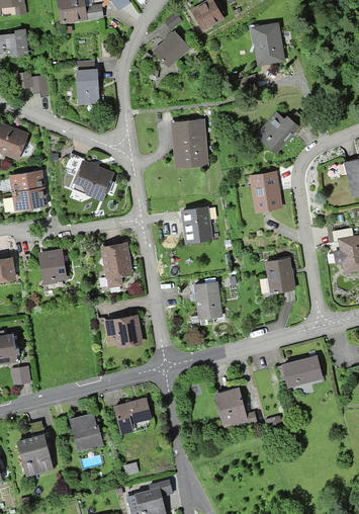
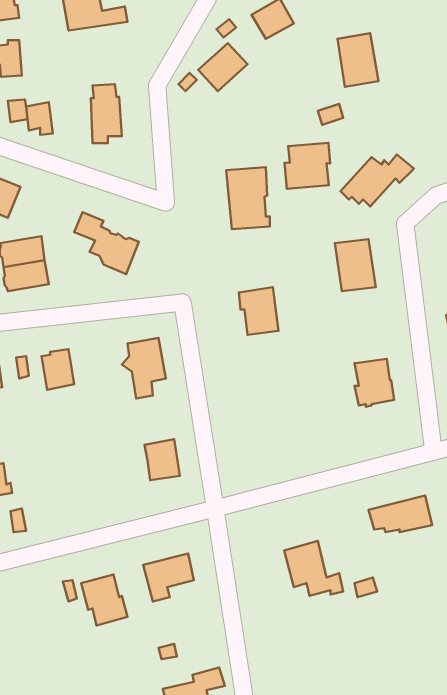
building: none -> [284,143,330,189]
building: [195,282,221,320] -> none
building: [17,435,54,472] -> none

